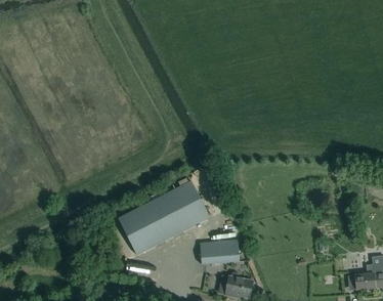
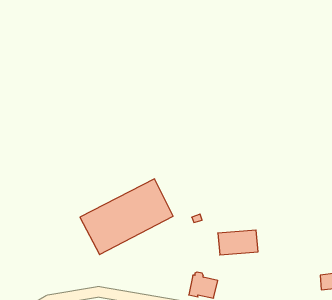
building: [200,239,240,263] -> [218,230,258,255]

